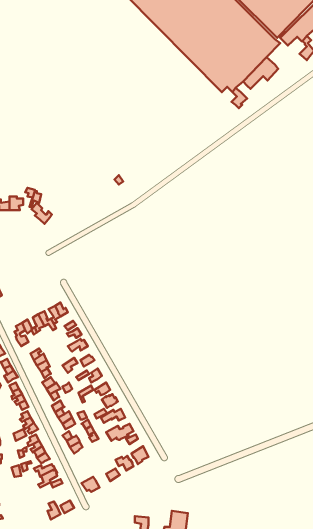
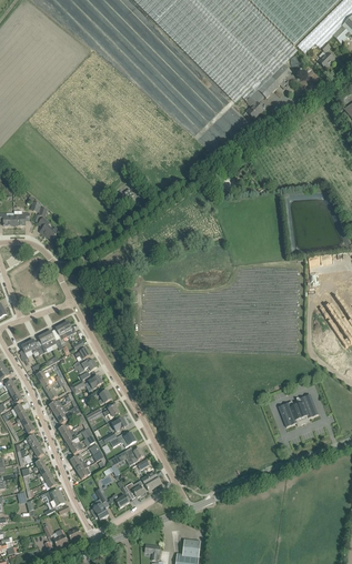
building: none -> [278,392,318,425]

